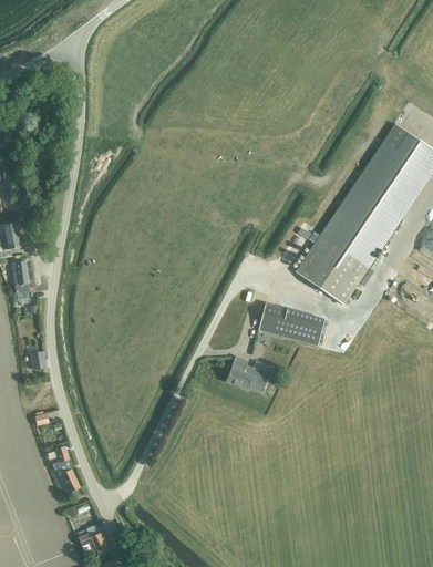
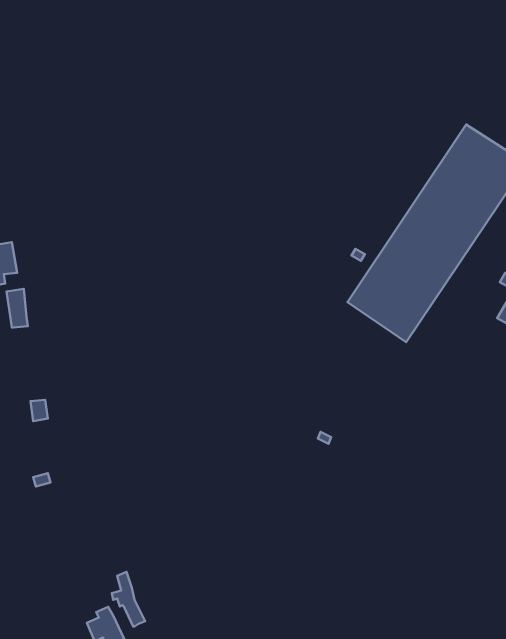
building: [258,303,323,344] -> none
building: [225,364,268,392] -> none
building: [52,446,80,492] -> [112,572,145,627]

